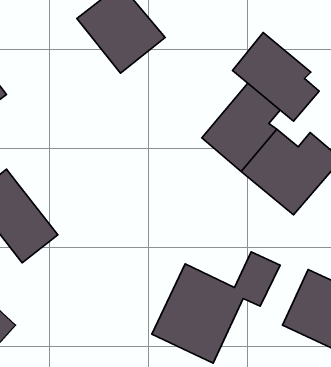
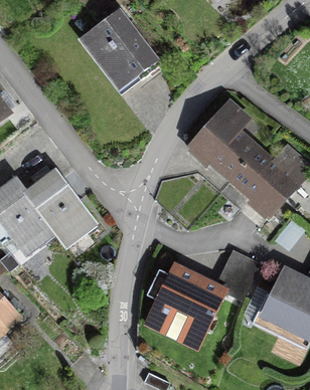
building: [233,33,319,121] -> none
building: none -> [23,167,98,247]

